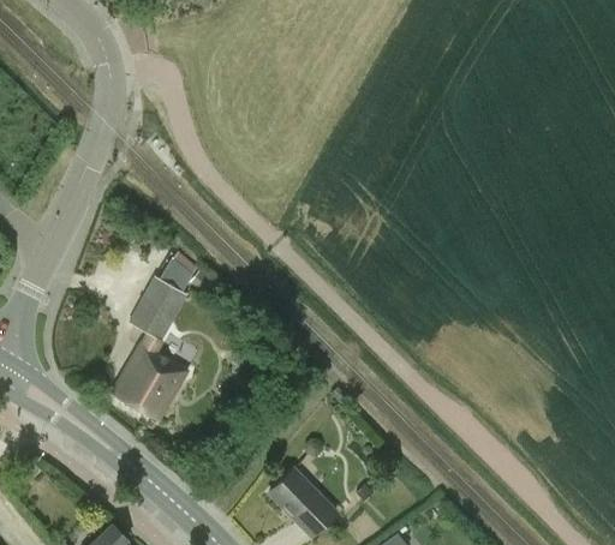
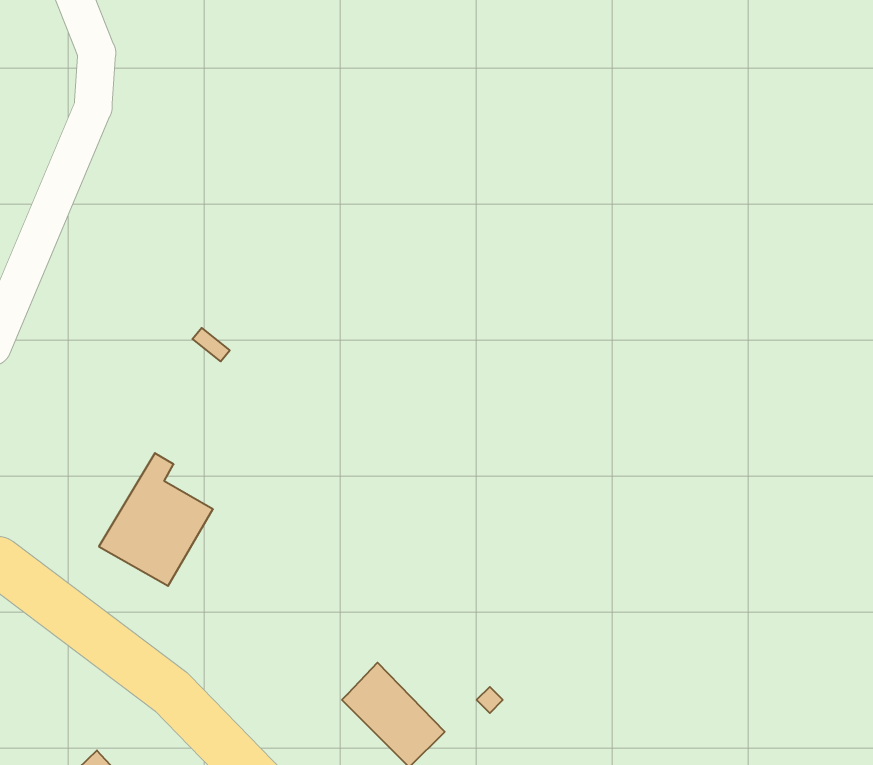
building: [129,276,187,341] -> none

